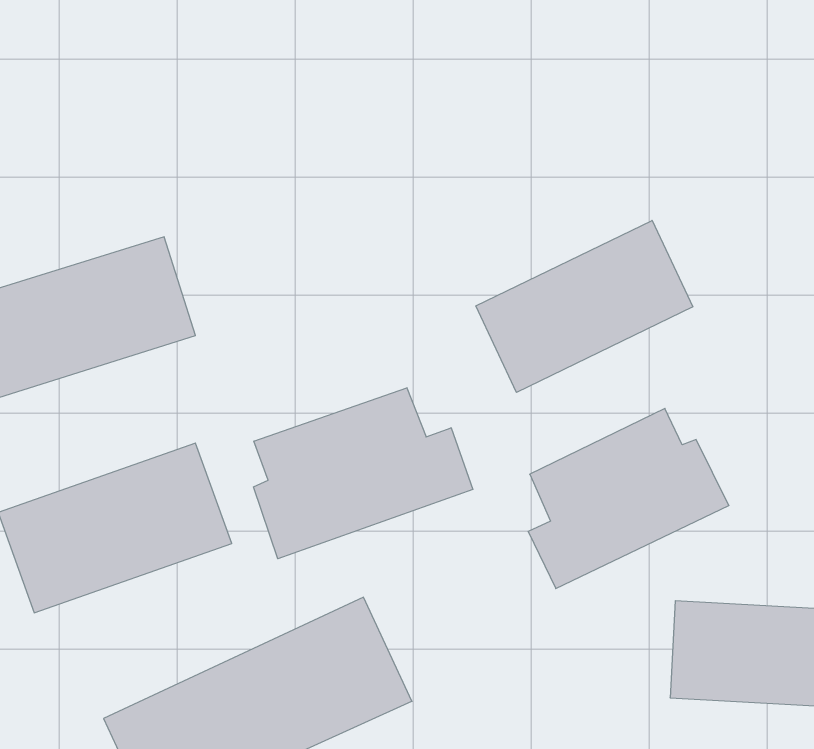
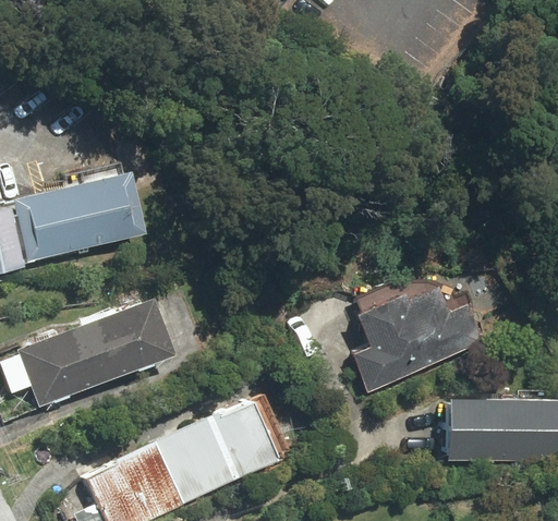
building: [476,220,693,392] -> none
building: [253,388,473,559] -> none

